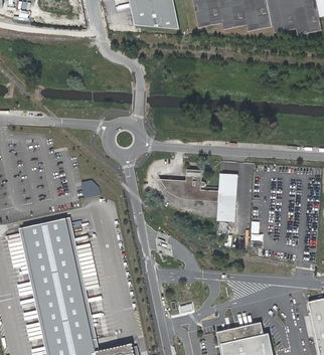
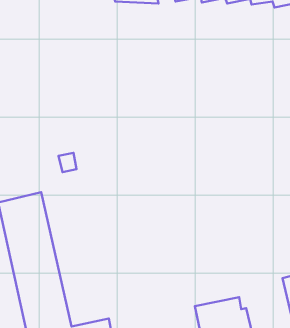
building: [164,168,235,222] -> none

